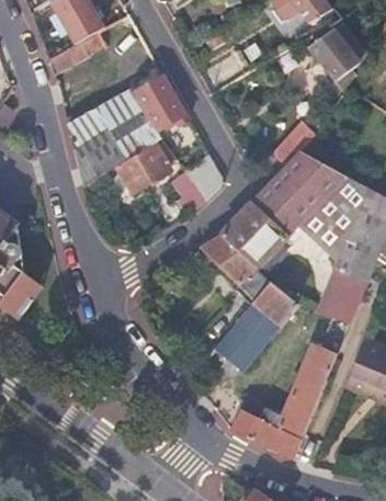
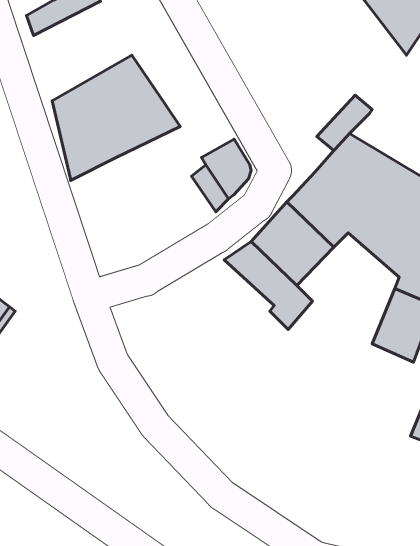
building: [130,72,188,127] -> none
building: [118,144,184,196] -> none
building: [215,278,295,369] -> none
building: [232,344,337,458] -> none

